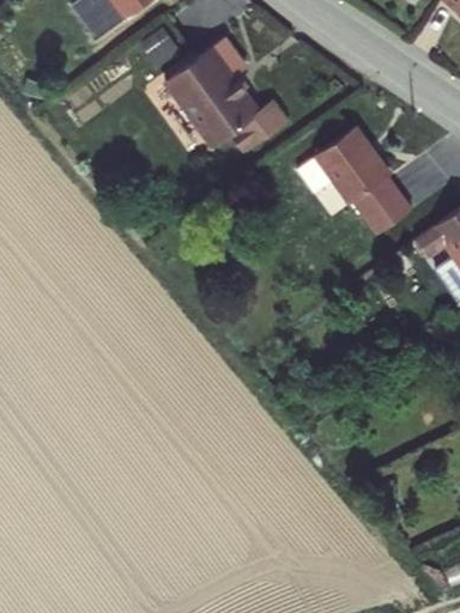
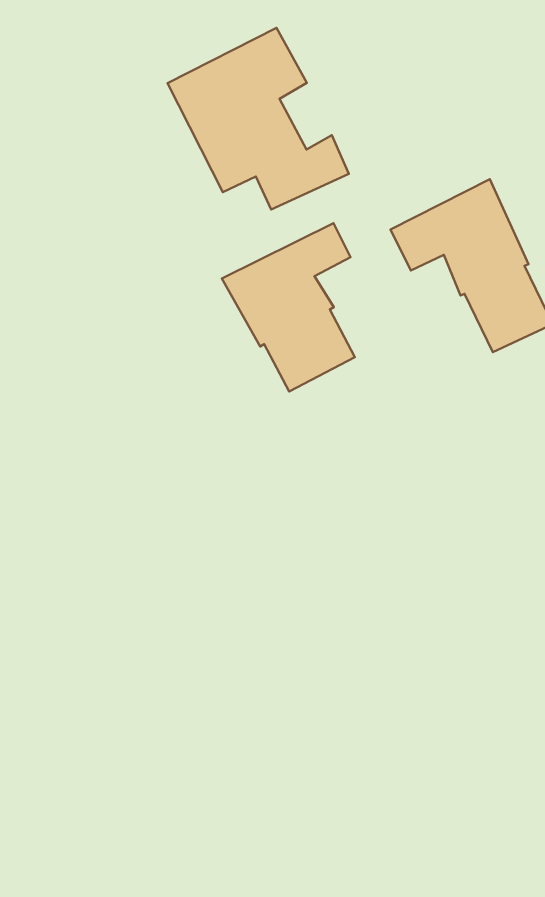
building: none -> [222,223,355,392]

